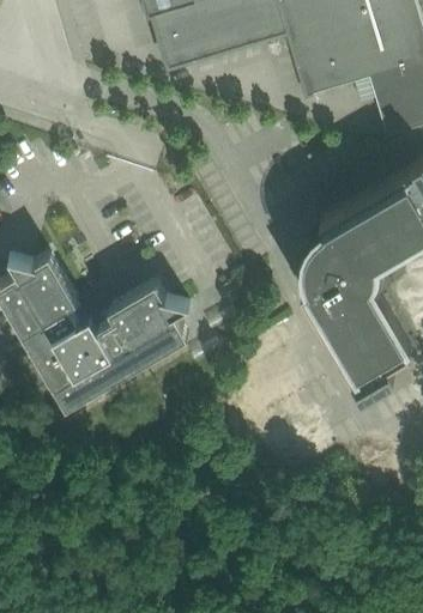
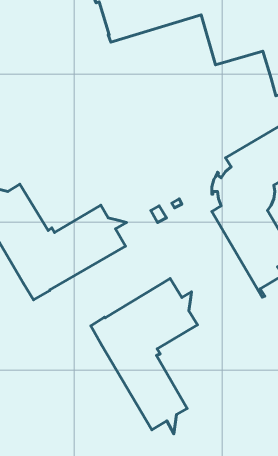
building: none -> [91,278,197,434]

